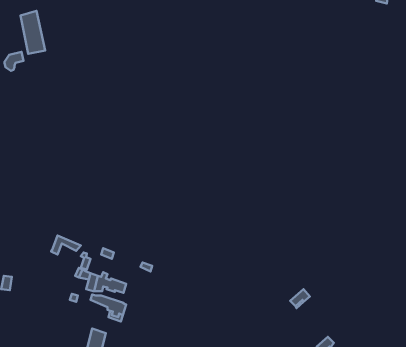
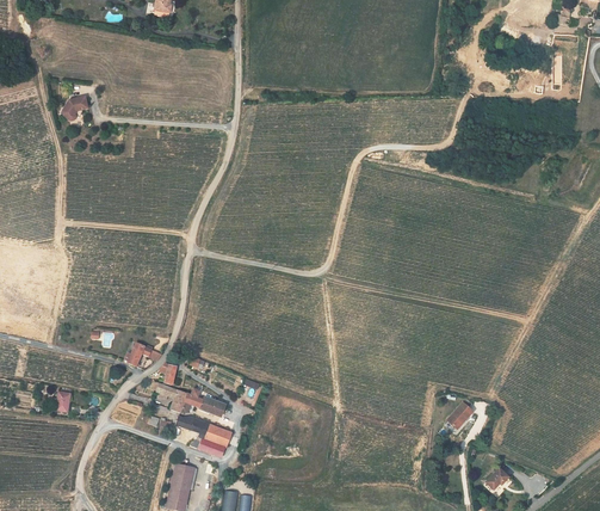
building: [21,11,45,54] -> none

